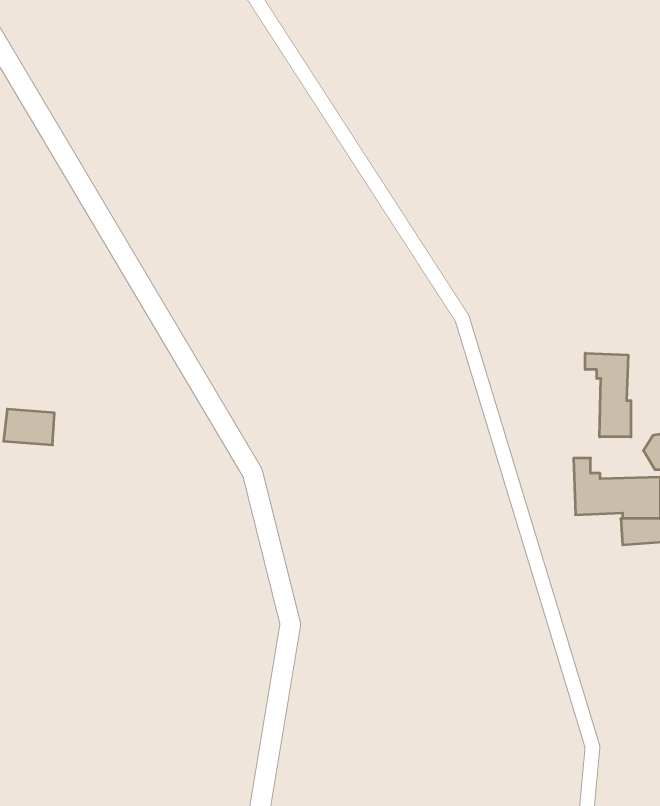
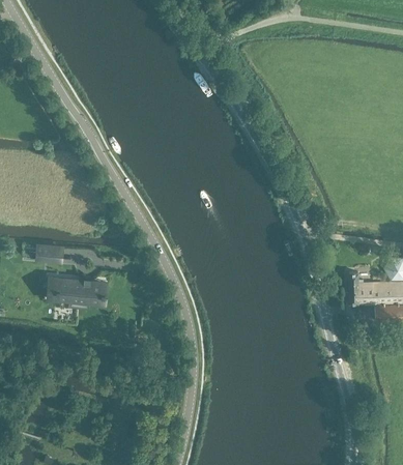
building: [585,353,631,437] -> none
building: none -> [57,277,106,309]

